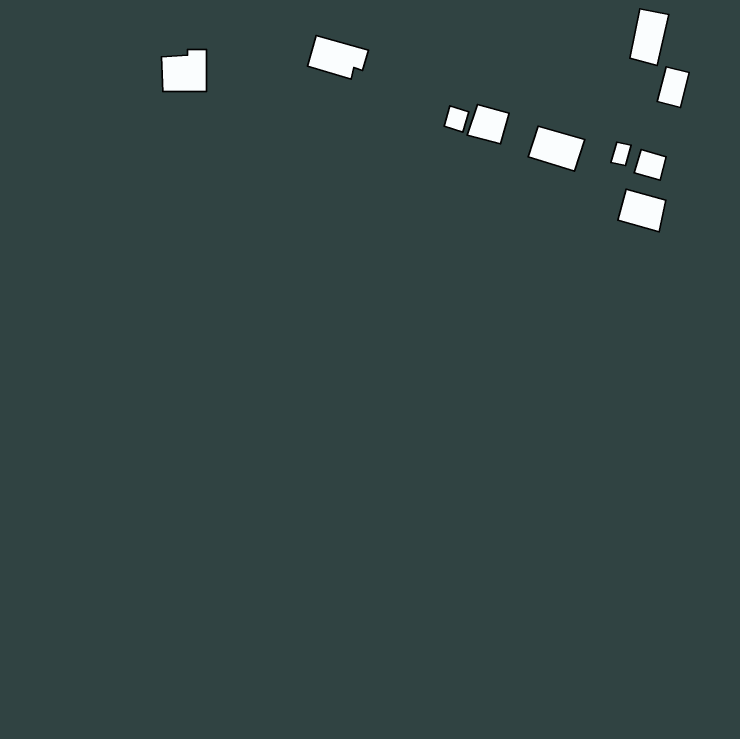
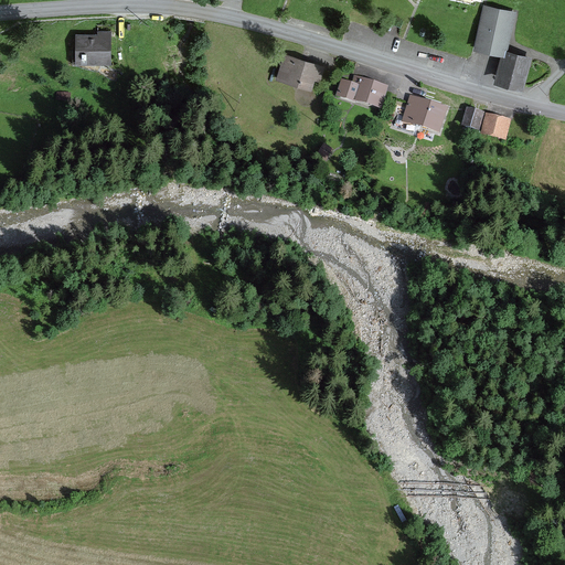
building: [307,36,368,79] -> [276,55,322,88]
building: [162,50,207,92] -> [75,31,109,63]
building: [618,189,666,232] -> none

